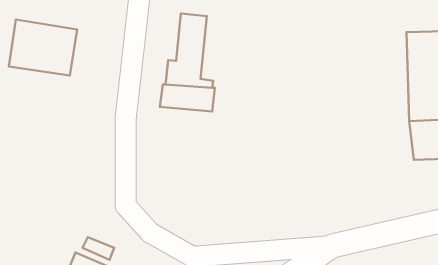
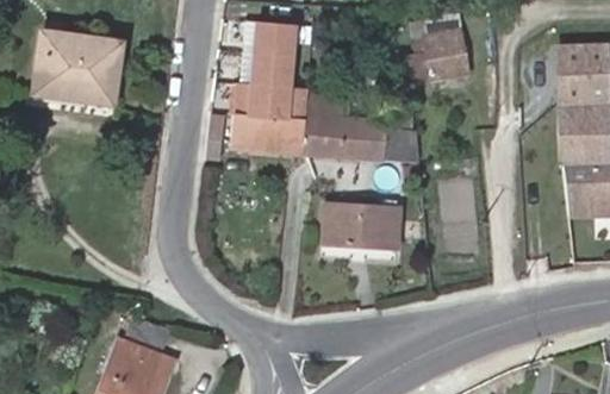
building: none -> [419,14,469,81]
building: none -> [300,93,418,161]
building: none -> [322,204,400,248]

